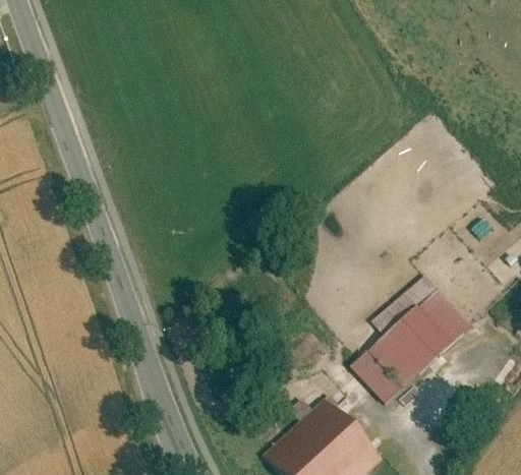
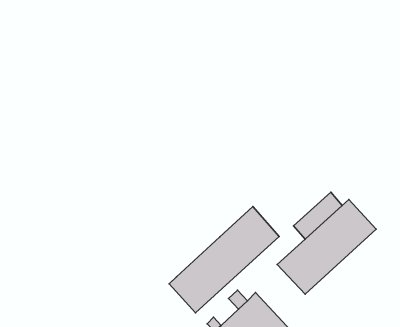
building: none -> [169,207,279,313]

